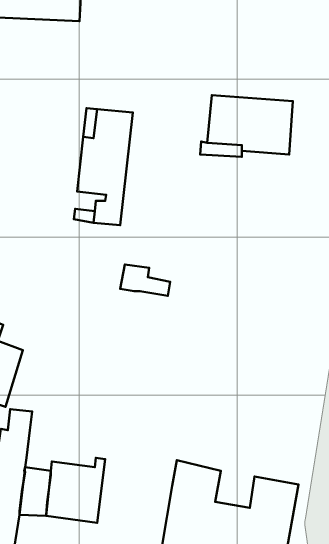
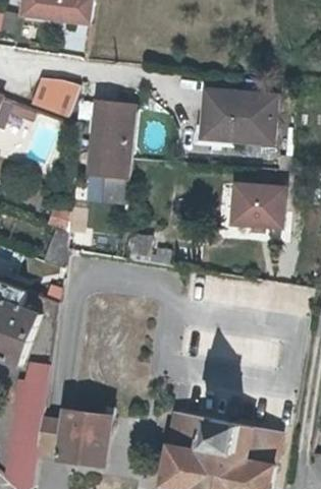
building: none -> [32,76,78,118]
building: none -> [231,182,285,229]
building: none -> [208,417,243,449]

